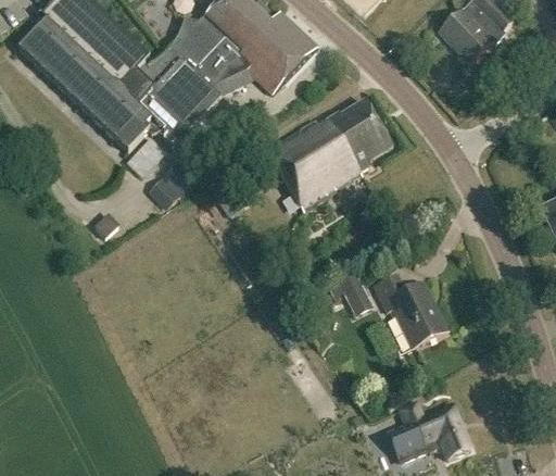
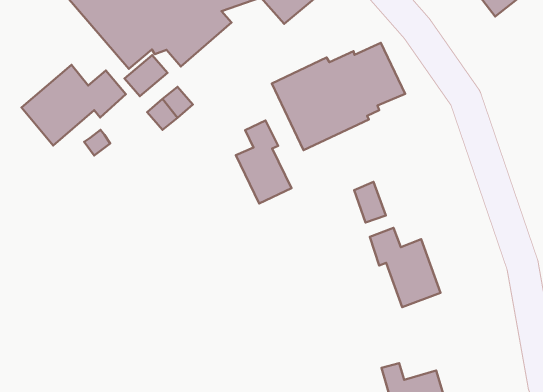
building: none -> [21,65,126,145]
building: none -> [236,121,291,203]
building: [338,270,370,309] -> [354,182,386,222]

